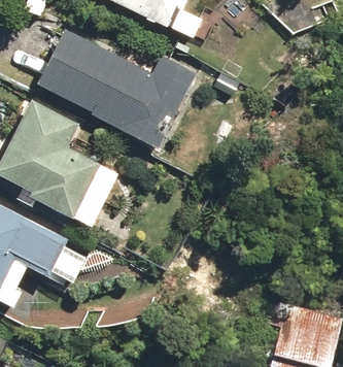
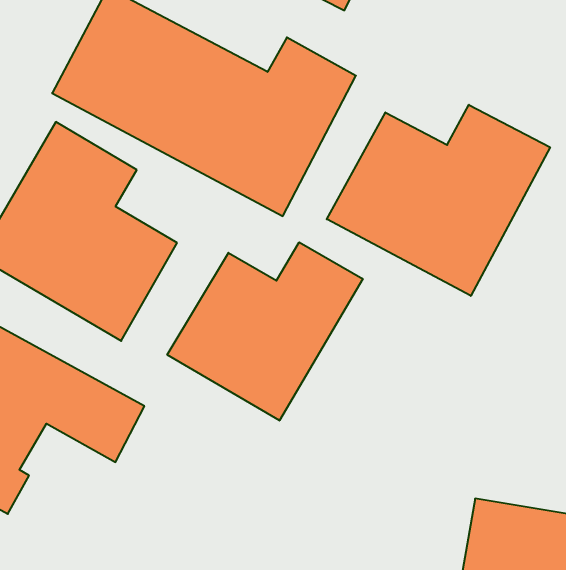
building: none -> [327,105,550,296]
building: none -> [167,242,363,421]

